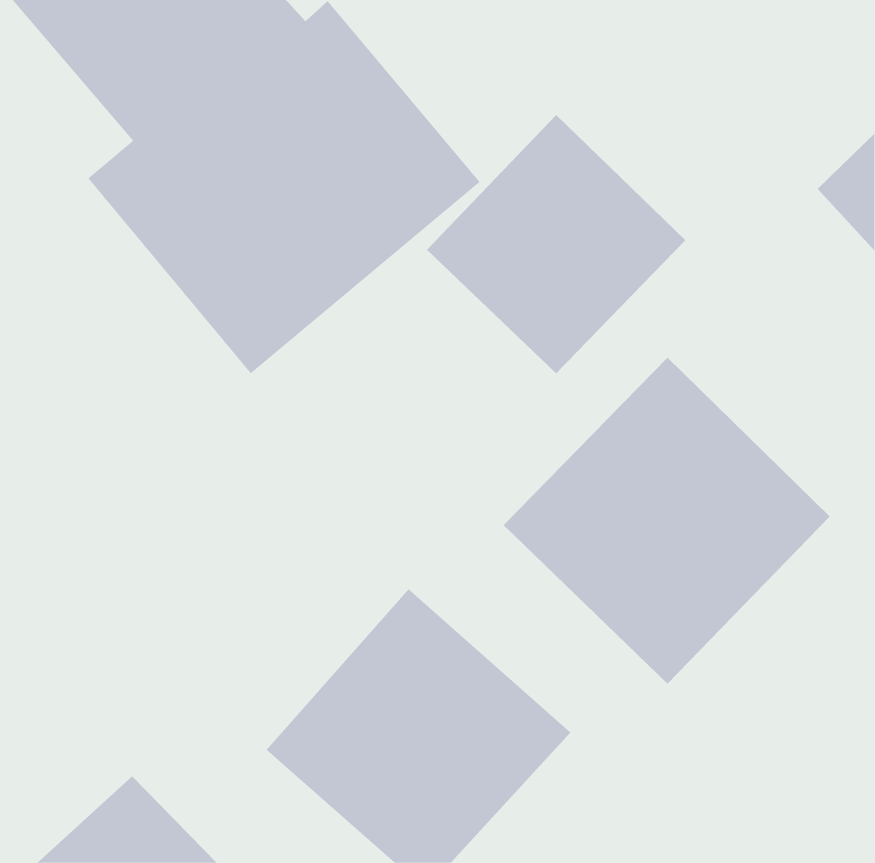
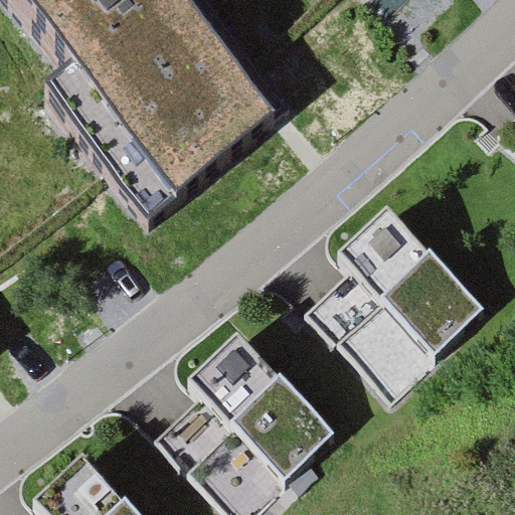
building: [426,114,686,374] -> none

